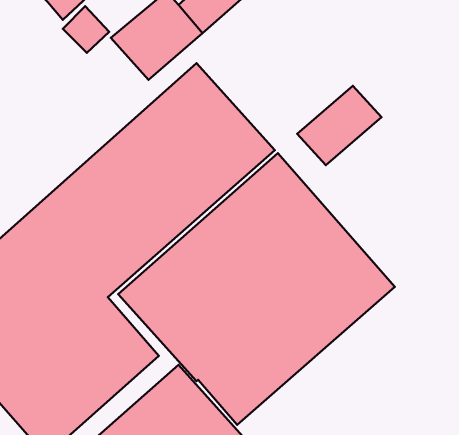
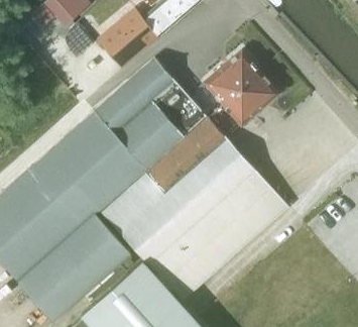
building: none -> [205,50,260,104]

